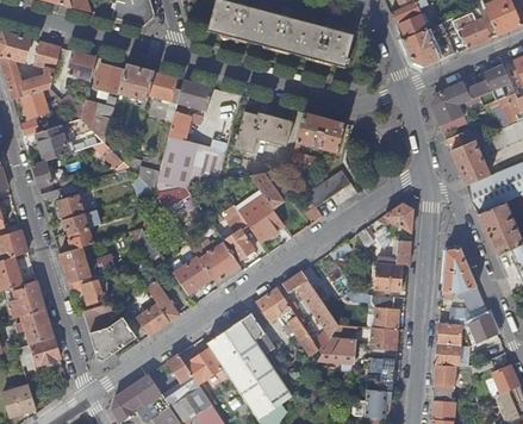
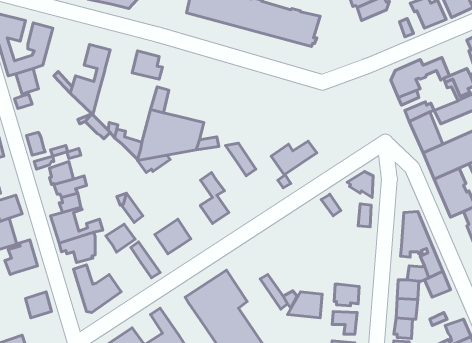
building: [396,21,440,67] -> none
building: [68,50,98,77] -> none
building: [118,64,154,108] -> none
building: [484,64,515,99] -> none
building: [178,80,213,110] -> none
building: [235,111,292,152] -> none
building: [289,112,344,167] -> none
building: [35,123,68,161] -> none
building: [239,194,282,242] -> none
building: [193,238,239,282] -> none
building: [372,263,401,291] -> none
building: [284,270,338,337] -> none
building: [256,287,289,322] -> none
building: [374,303,399,330] -> none
building: [137,304,169,335] -> [106,224,135,252]
building: [15,307,54,343] -> none
building: [179,348,223,384] -> none

